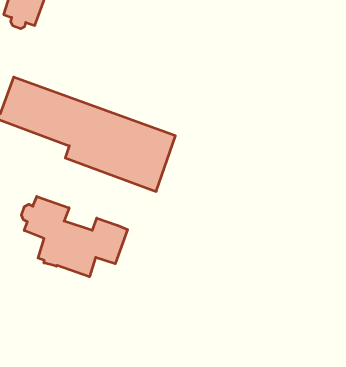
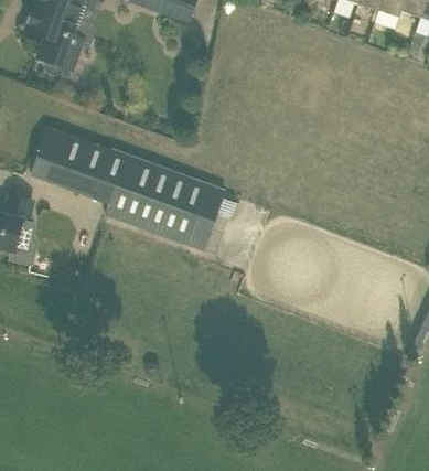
building: [21,196,128,277] -> none

